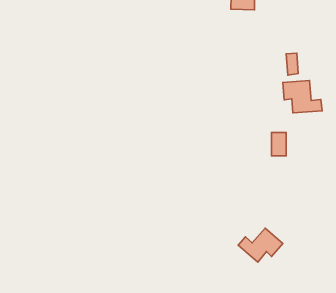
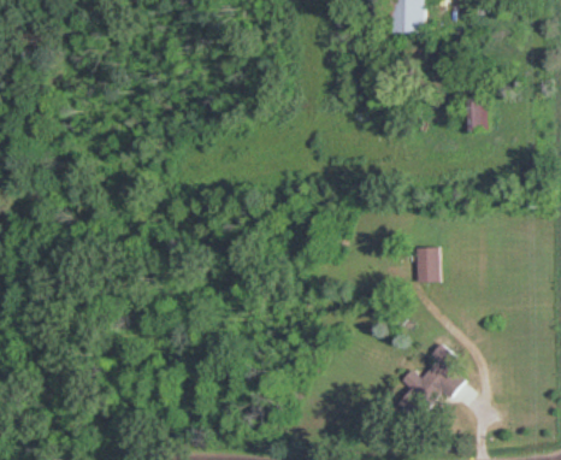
building: [283,81,322,113] -> none
building: [272,132,286,156] -> [417,248,438,283]

